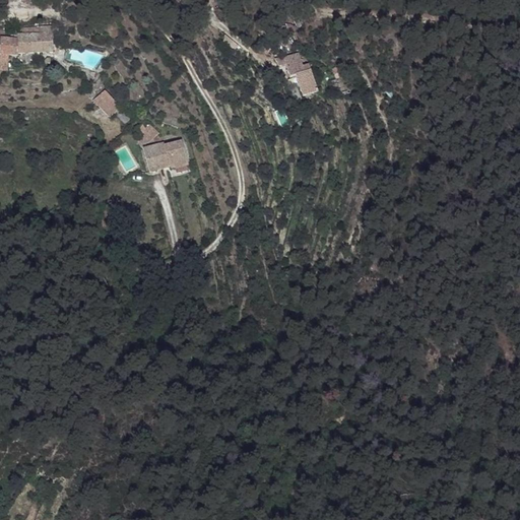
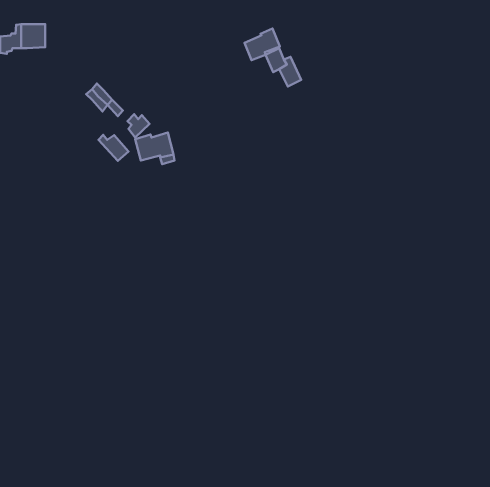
building: none -> [244,28,280,60]
building: none -> [98,135,129,161]

